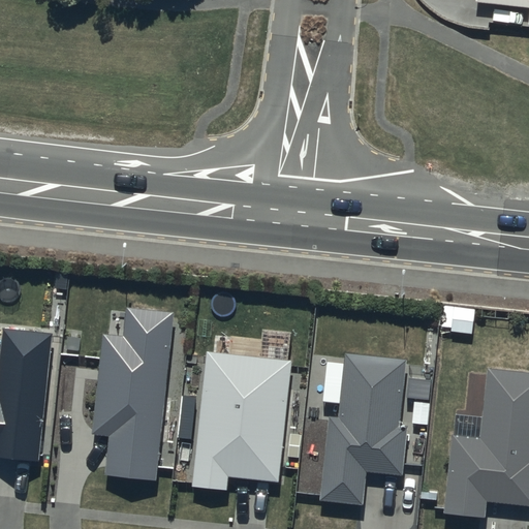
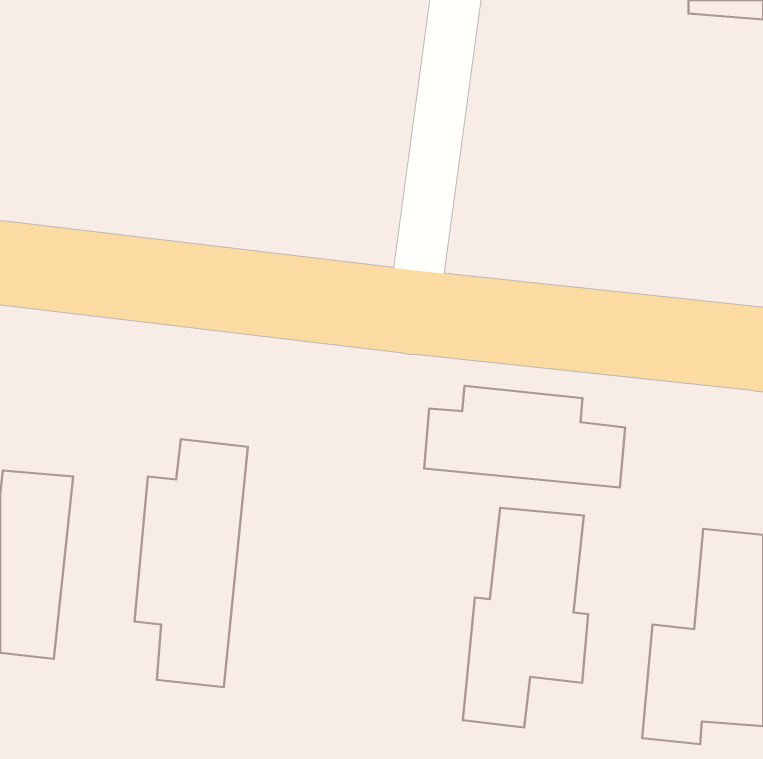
building: none -> [424,386,625,488]
building: [194,352,289,489] -> none

